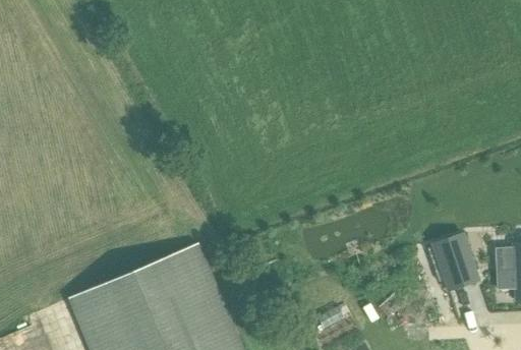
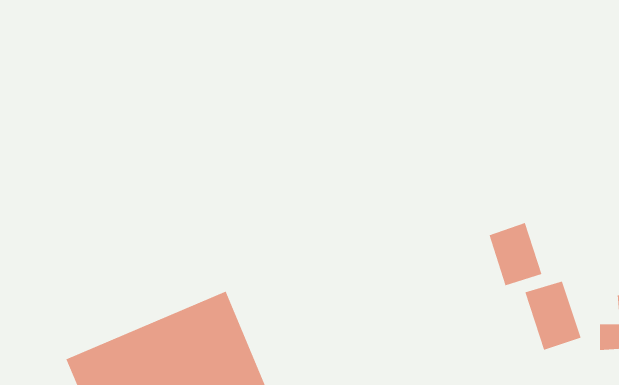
building: none -> [489,222,542,286]

